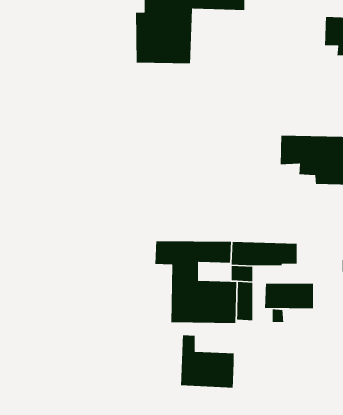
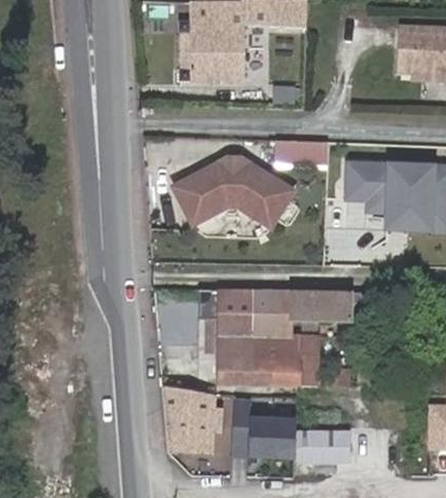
building: none -> [275,138,328,162]
building: none -> [169,156,296,232]
building: [264,283,314,309] -> [292,432,351,463]
building: none -> [162,387,222,455]

